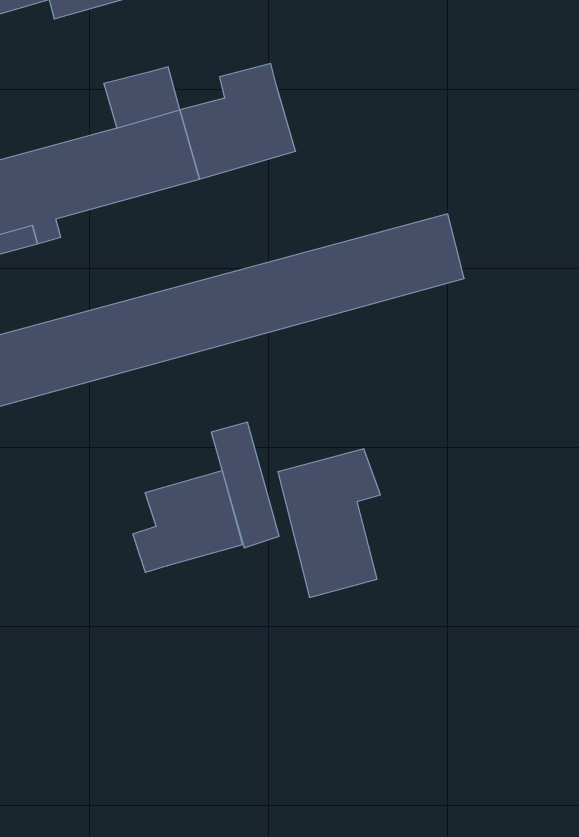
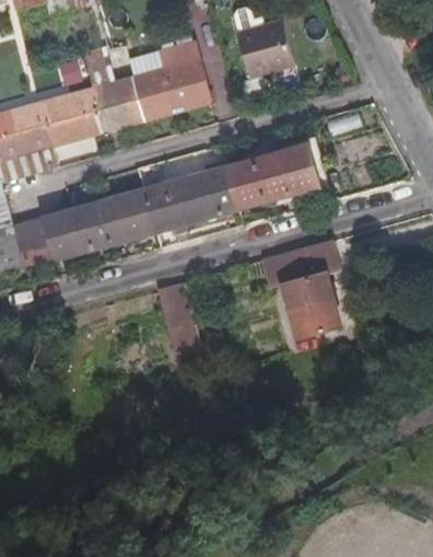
building: none -> [233,5,293,73]
building: [278,449,380,597] -> [276,239,343,337]
building: [133,471,243,573] -> none

